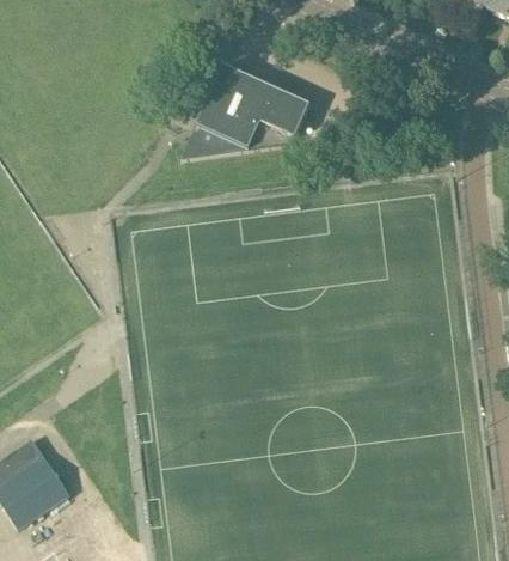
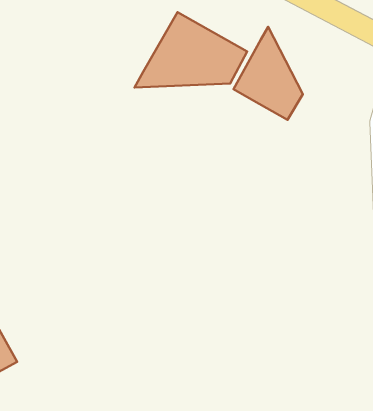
building: none -> [233,27,303,120]

